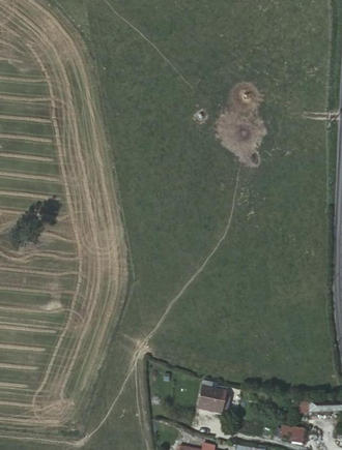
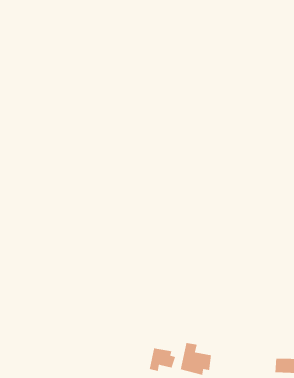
building: none -> [149,347,176,372]

